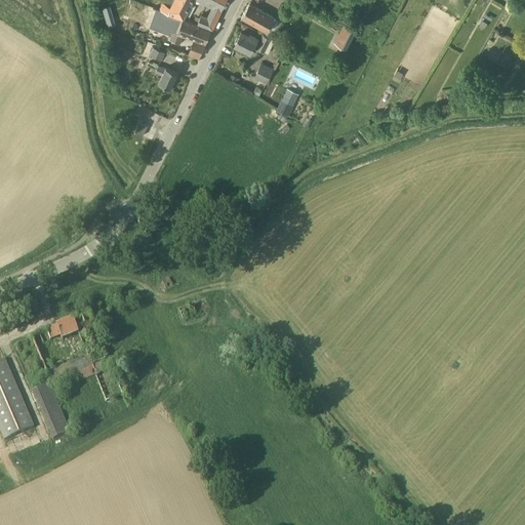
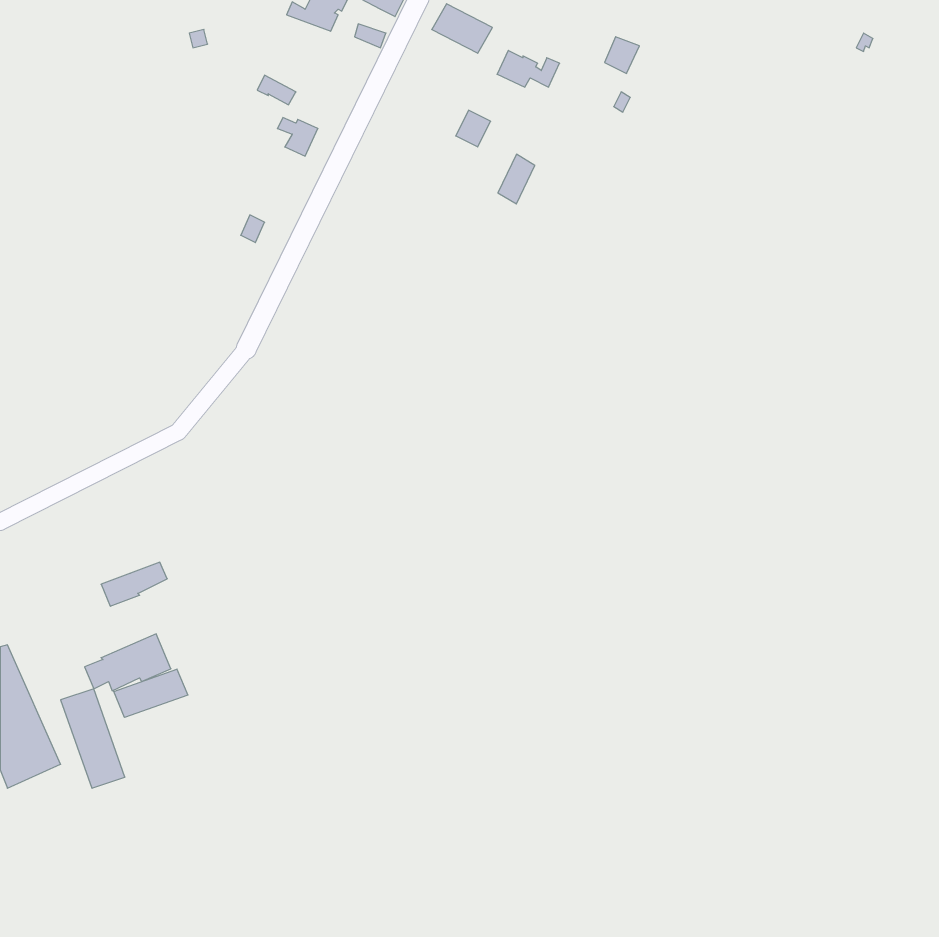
building: [162,12,210,57] -> none
building: [235,31,270,51] -> [497,50,560,87]
building: none -> [114,669,188,717]

